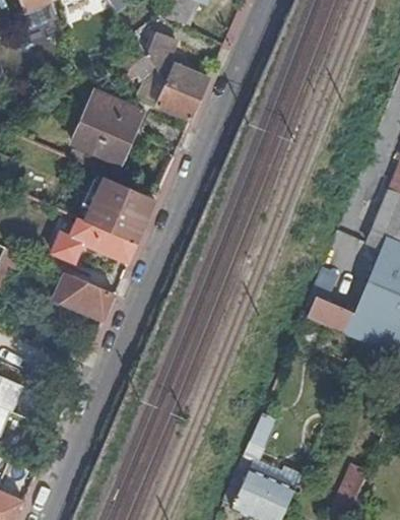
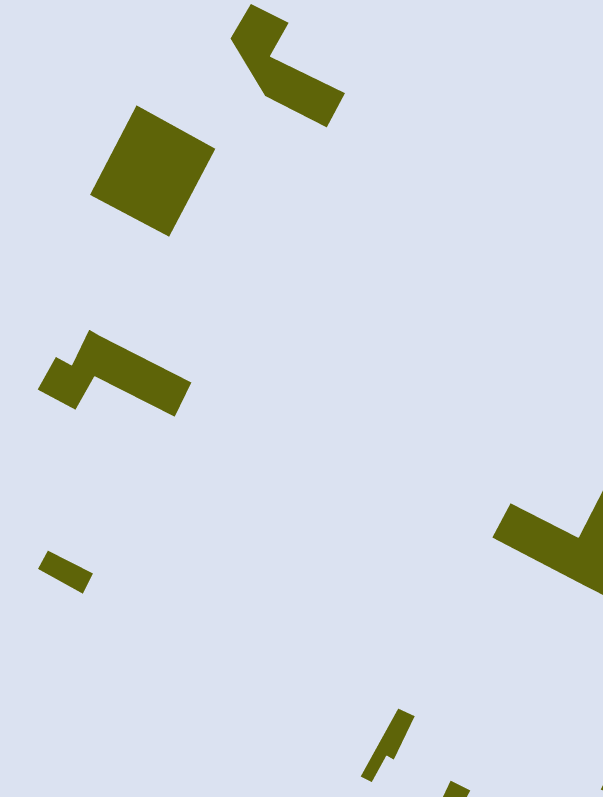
building: [157,82,201,117] -> none
building: [84,178,155,242] -> none
building: [54,272,115,320] -> none

